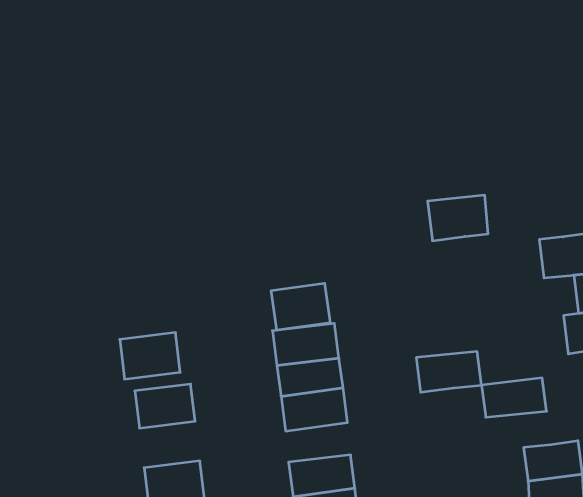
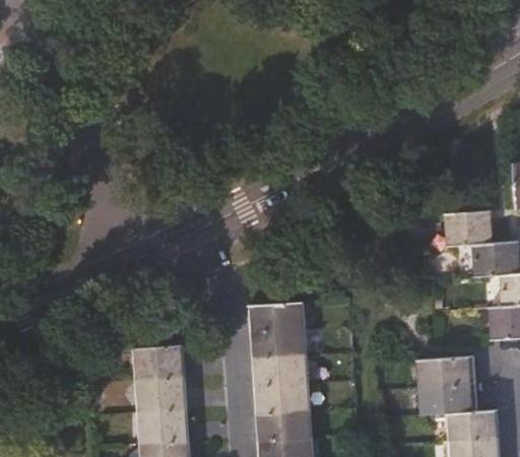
building: [428,195,488,241] -> [443,211,491,246]
building: [271,283,330,330] -> none
building: [120,333,180,379] -> [137,376,185,411]
building: [416,352,481,392] -> [419,384,471,414]
building: none -> [256,384,308,413]

